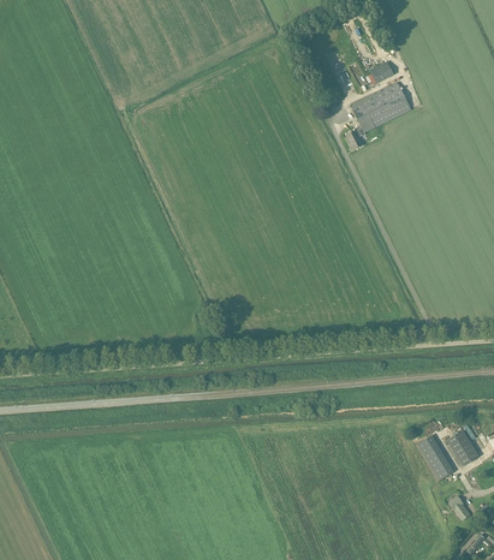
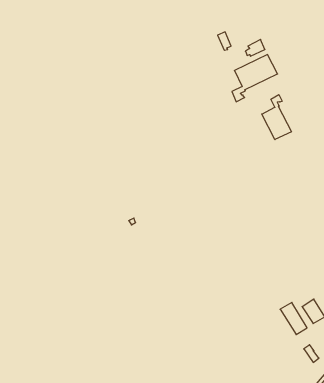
building: none -> [262,95,291,140]

